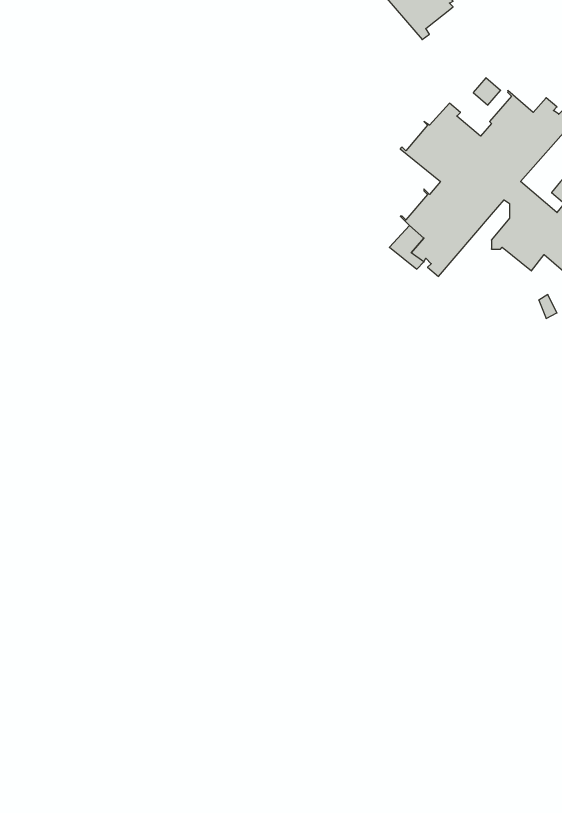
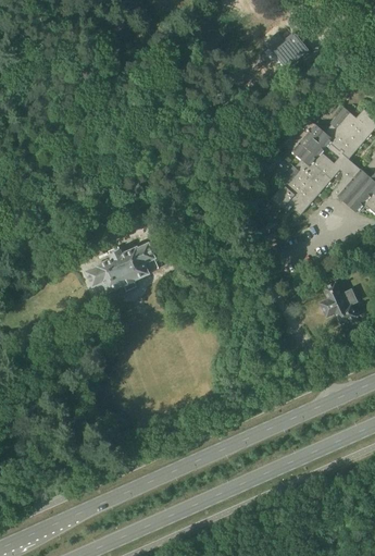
building: none -> [86,240,161,295]
building: none -> [318,281,358,323]

